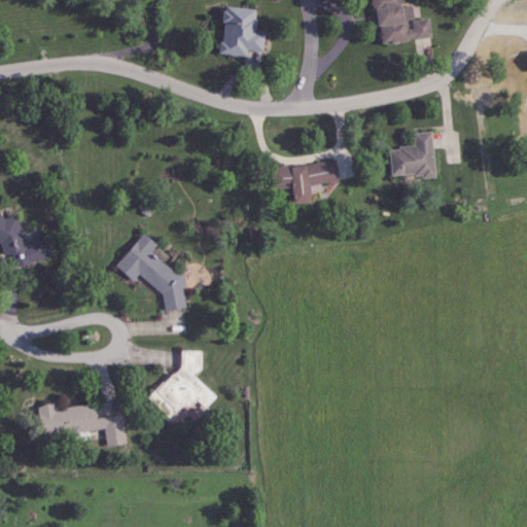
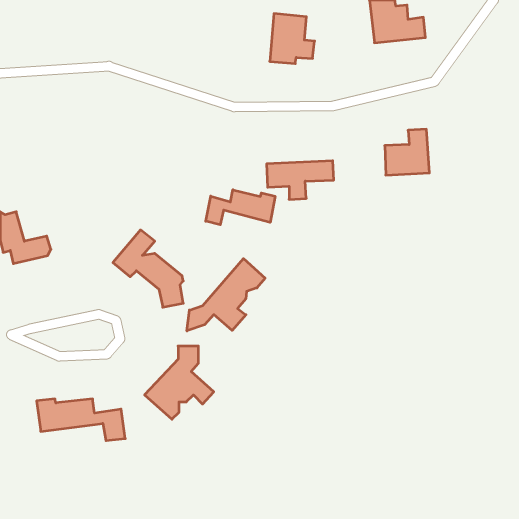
building: [220,6,266,57] -> [270,14,315,64]
building: none -> [206,190,275,225]
building: none -> [187,259,265,331]

